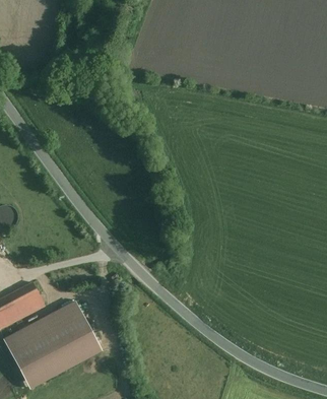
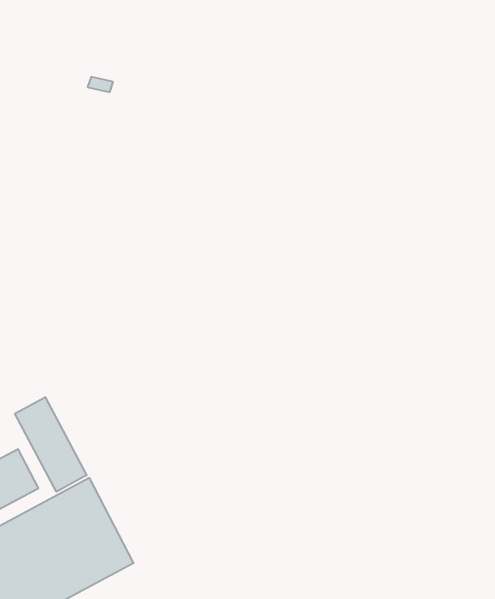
building: none -> [15,397,87,492]

